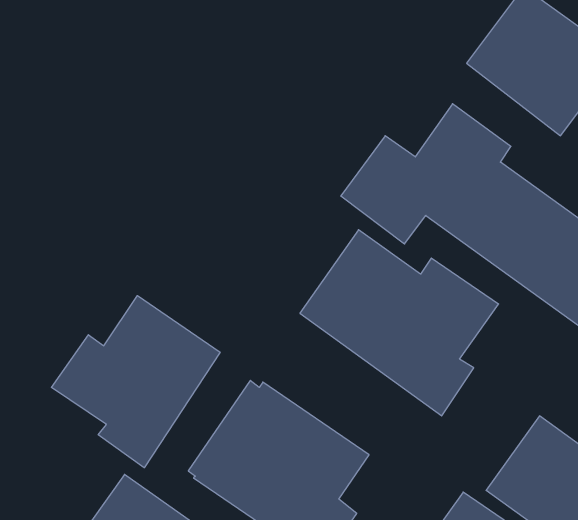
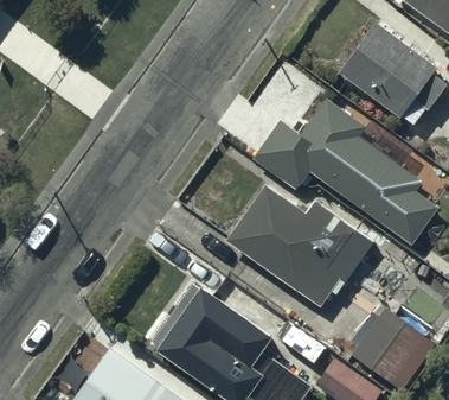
building: [51,296,220,468] -> none

